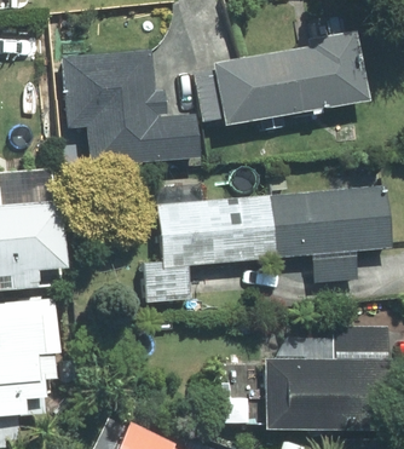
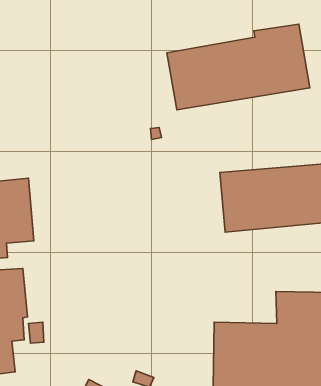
building: [60,50,161,166] -> none
building: [142,194,277,303] -> none

